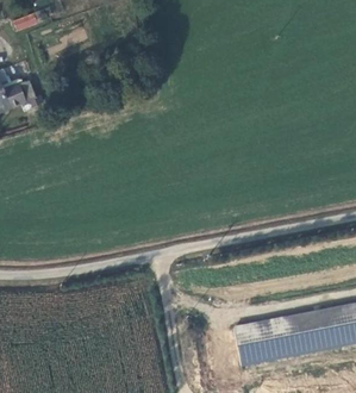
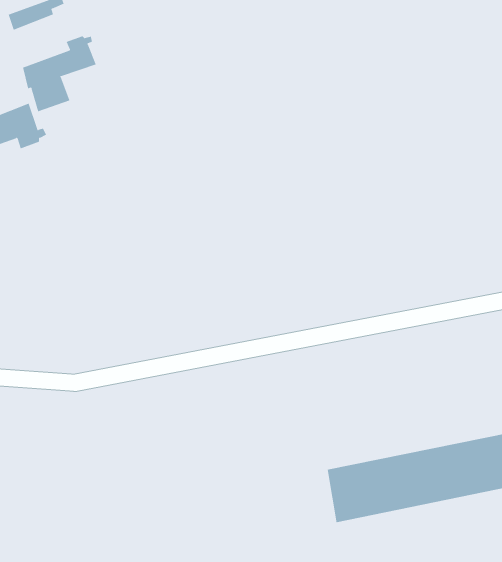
building: none -> [23,35,96,112]

